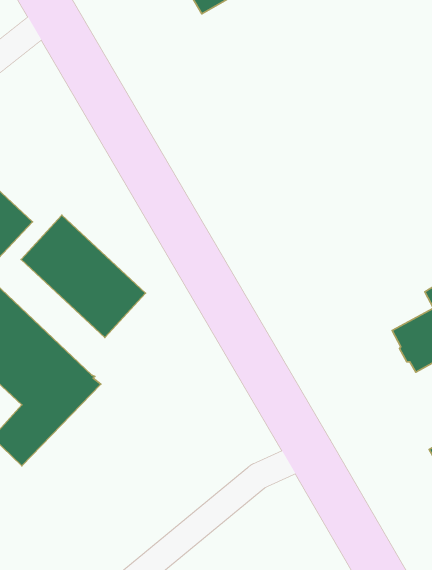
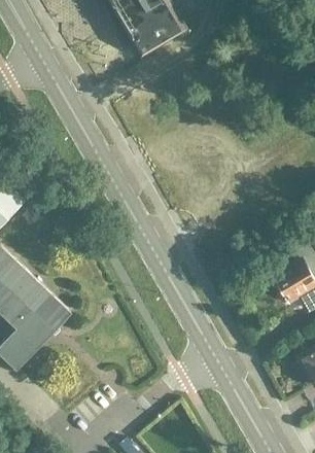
building: [21,215,146,337] -> none

